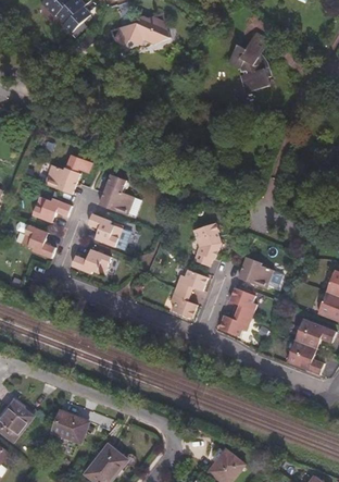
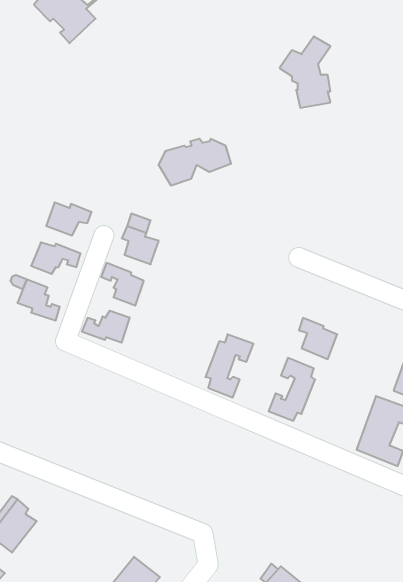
building: [105,22,163,59] -> [158,139,231,185]
building: [193,221,219,264] -> none
building: [54,409,92,442] -> none

